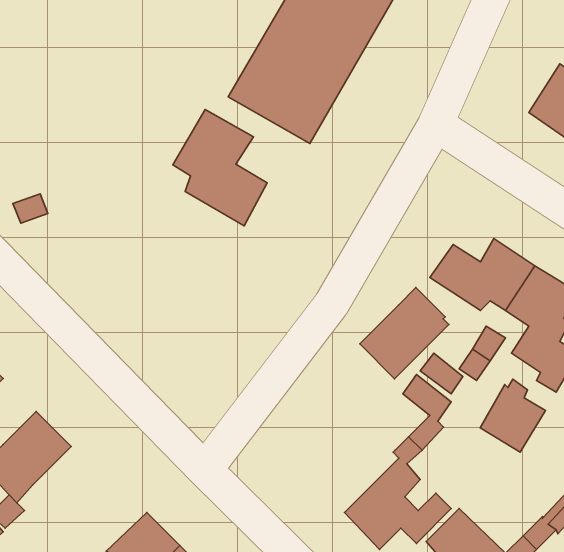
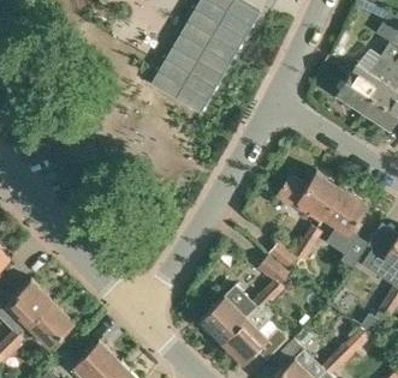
building: [173,109,267,226] -> none
building: [360,288,449,379] -> [200,286,255,342]
building: [480,379,545,452] -> none
building: none -> [28,301,75,352]

